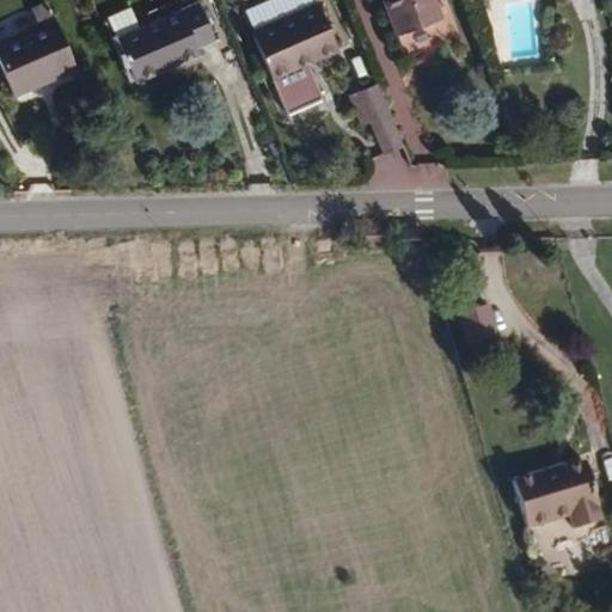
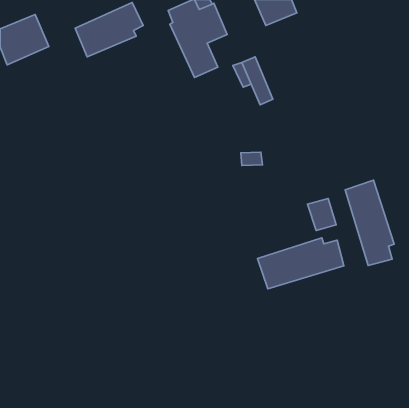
building: none -> [345,180,394,266]
building: none -> [257,238,344,289]
building: [513,458,600,528] -> none

